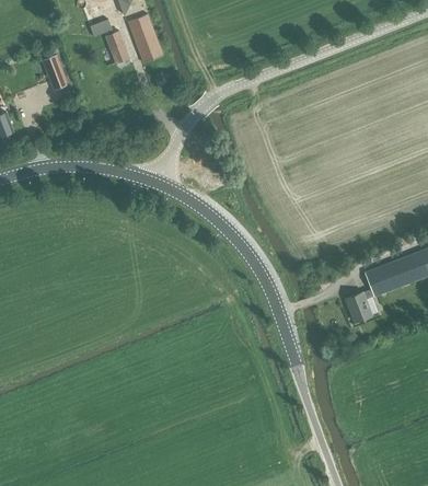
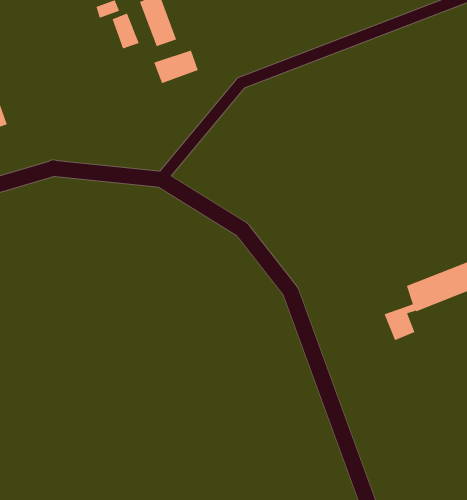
building: [42,54,68,90] -> none
building: none -> [153,50,199,84]

